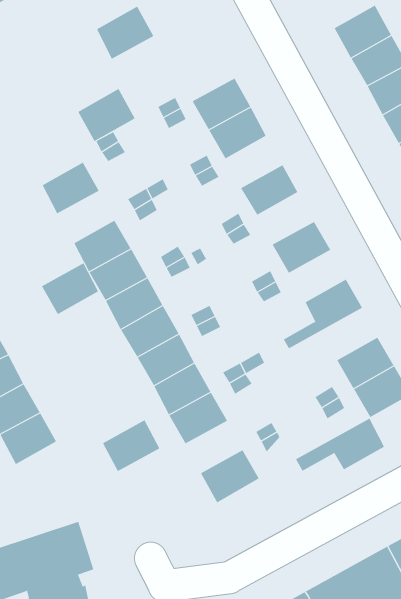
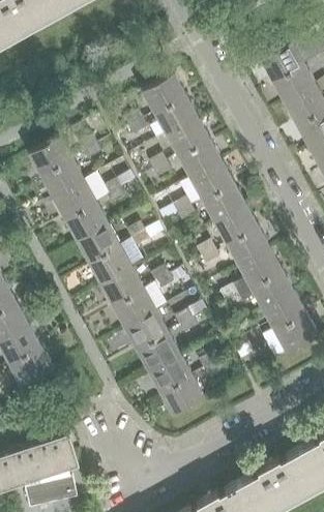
building: [96,6,154,60] -> [143,76,186,116]
building: [78,88,135,142] -> [29,139,72,179]
building: none -> [179,142,223,181]
building: none -> [203,184,246,223]
building: none -> [227,228,270,267]
building: [41,263,99,315] -> [53,183,96,222]
building: [295,418,385,472] -> [227,271,294,311]
building: [102,420,160,472] -> [149,356,193,395]

